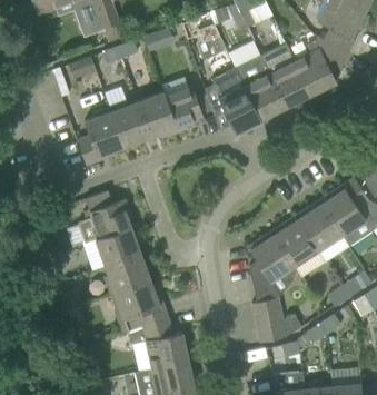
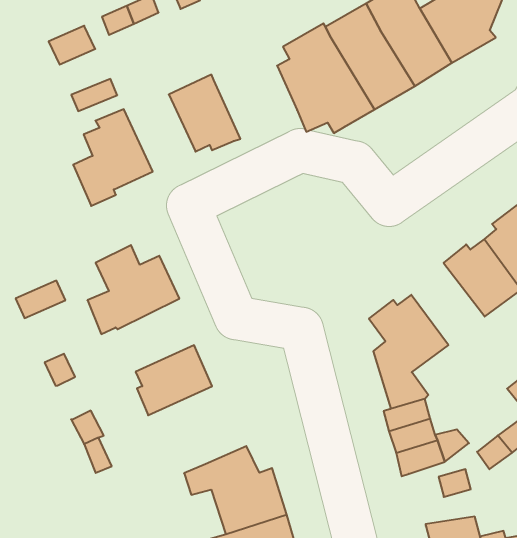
building: [166,86,206,131] -> none
building: [110,101,151,147] -> none
building: [275,216,318,266] -> none
building: [96,225,141,267] -> none
building: [110,279,168,334] -> none

